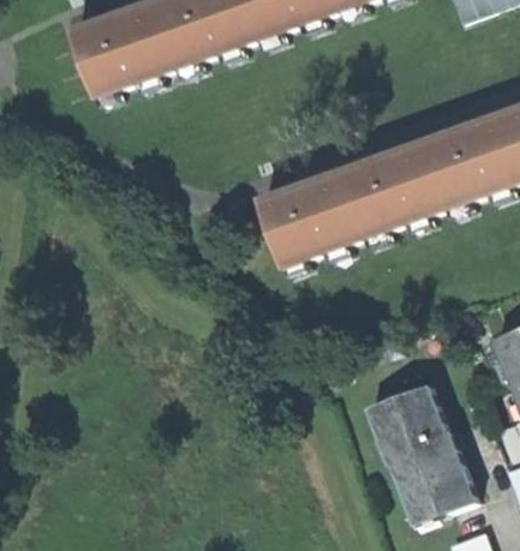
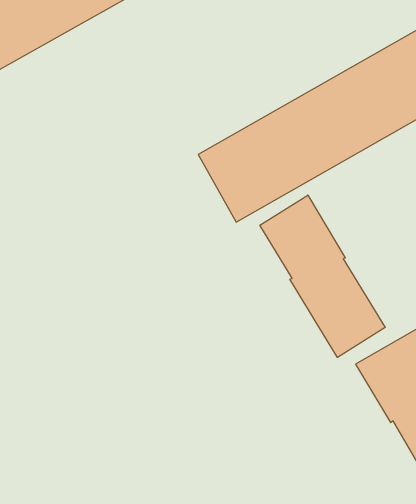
building: none -> [260,195,385,357]

